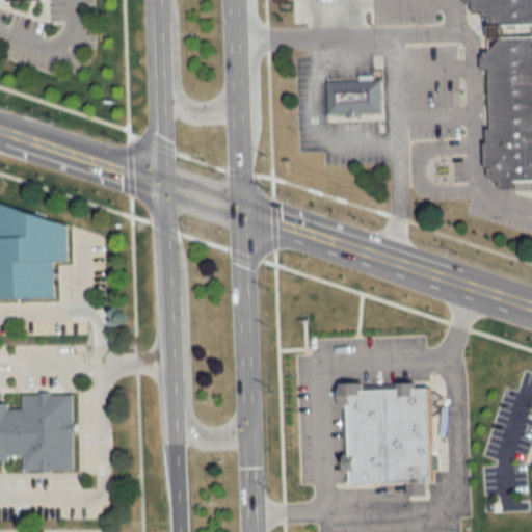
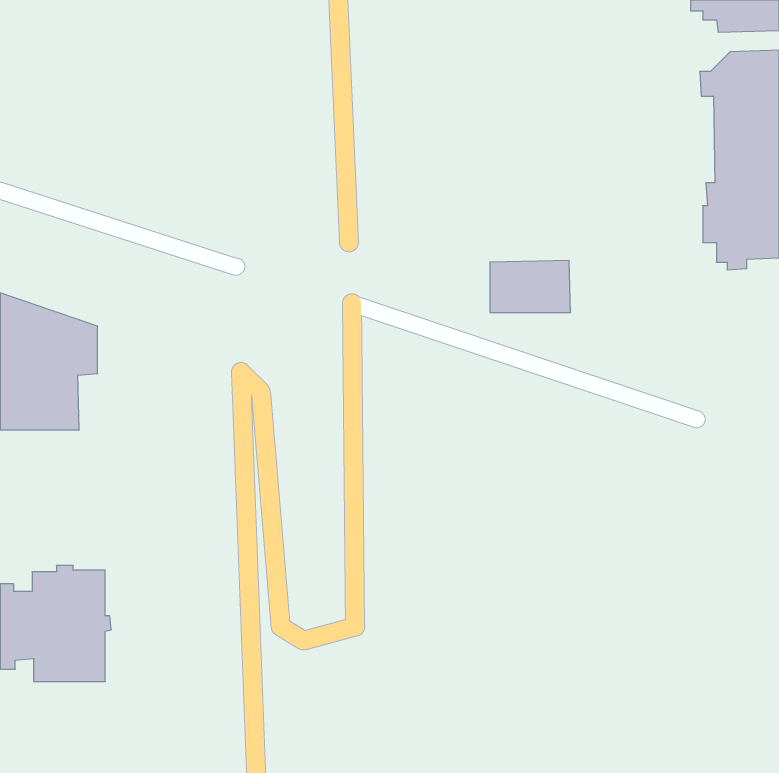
building: [325,79,380,114] -> [490,261,571,312]
building: [340,382,433,496] -> none

